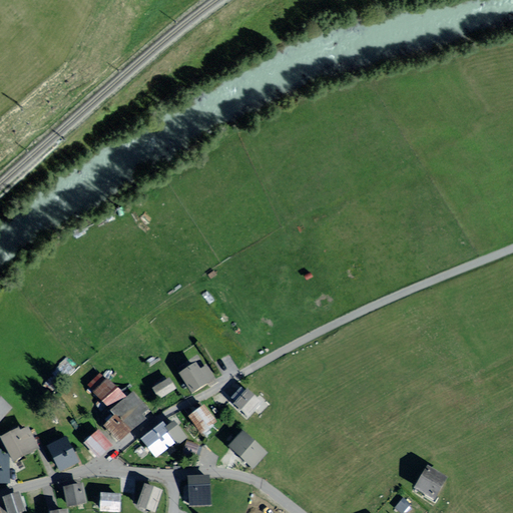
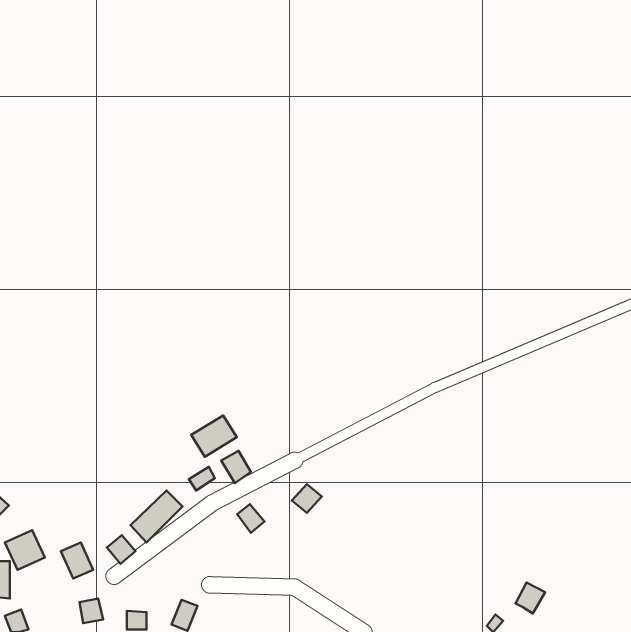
building: none -> [191,415,237,457]
building: [89,374,124,411] -> none
building: [144,421,180,455] -> none
building: [227,433,262,466] -> none
building: [189,476,206,500] -> none

